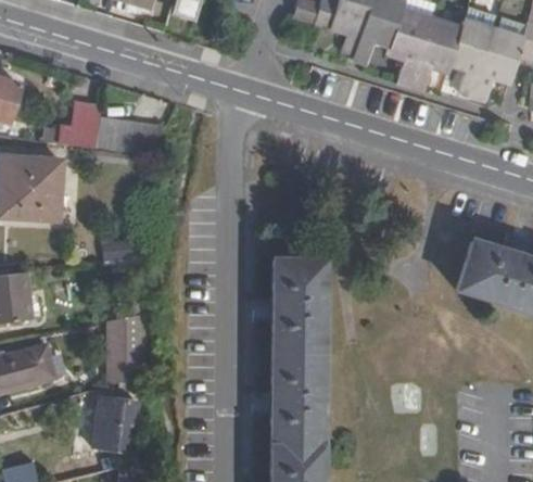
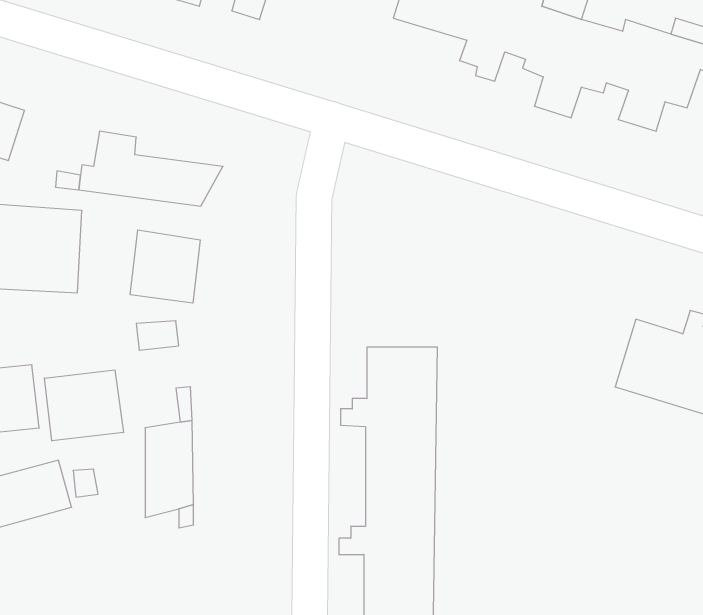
building: none -> [130,230,200,303]
building: none -> [44,370,124,441]
building: [93,395,138,452] -> none

